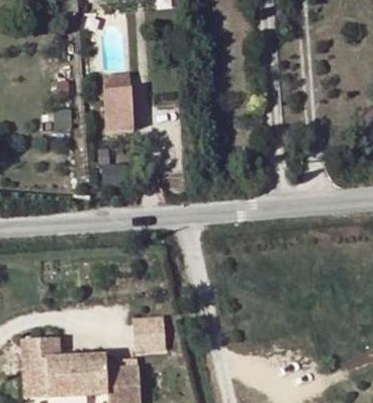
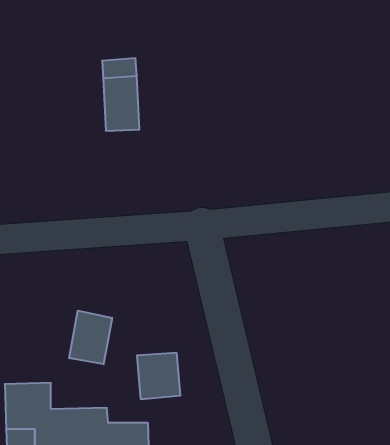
building: none -> [69,311,112,364]

